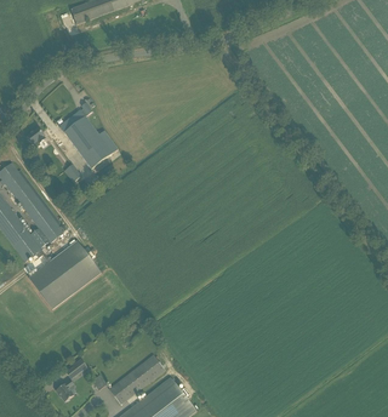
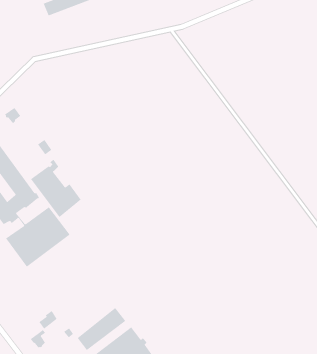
building: [58,102,116,168] -> [30,159,82,218]

